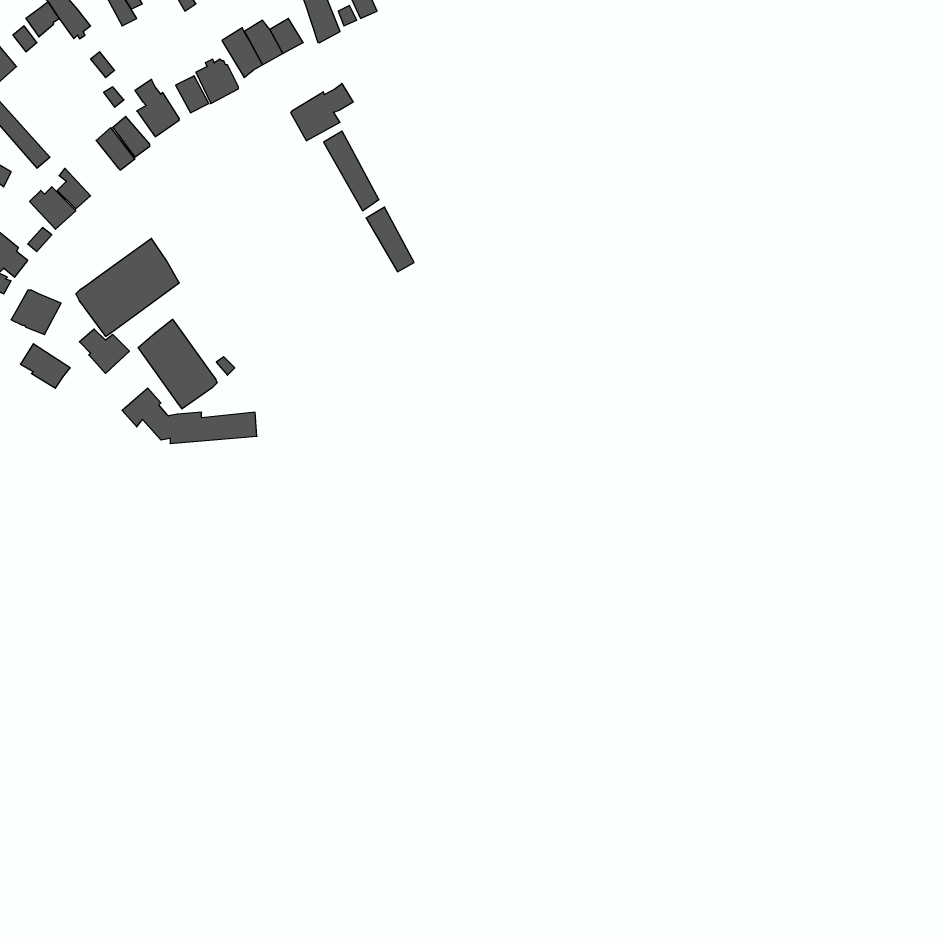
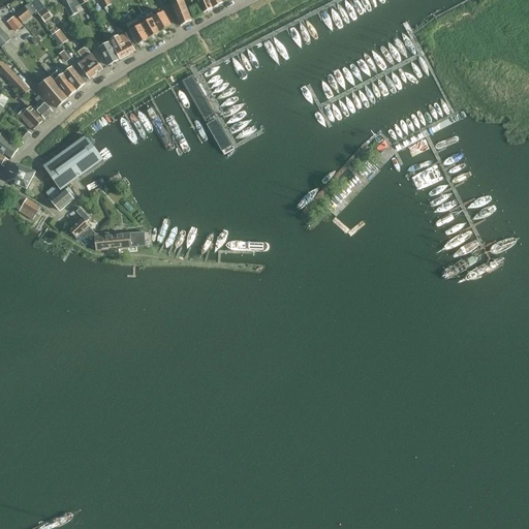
building: [291,83,353,141] -> none
building: none -> [38,75,66,105]
building: [138,319,217,409] -> none

